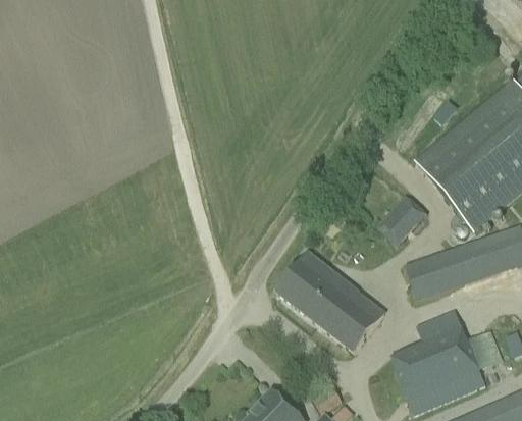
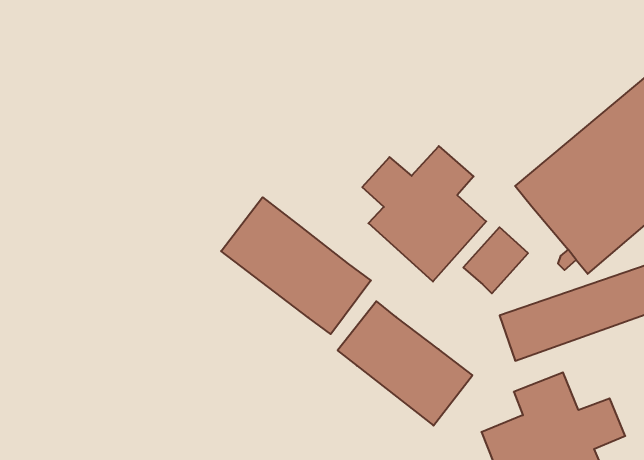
building: none -> [362,146,486,282]
building: none -> [221,197,371,334]

